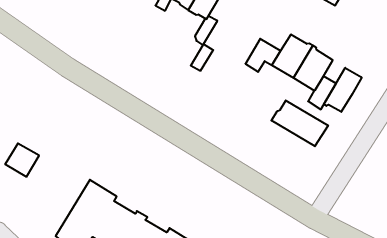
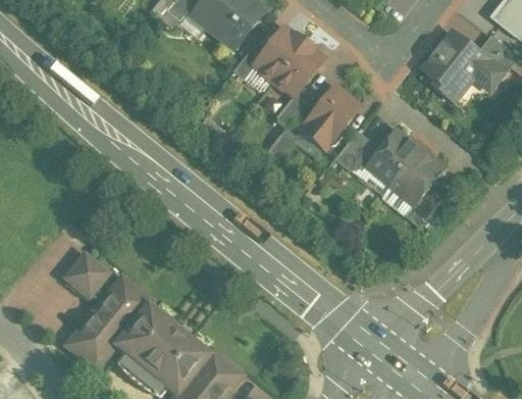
building: none -> [299,85,360,150]
building: [324,68,362,112] -> none
building: [271,100,328,146] -> none
building: [5,143,39,177] -> [64,254,108,297]

